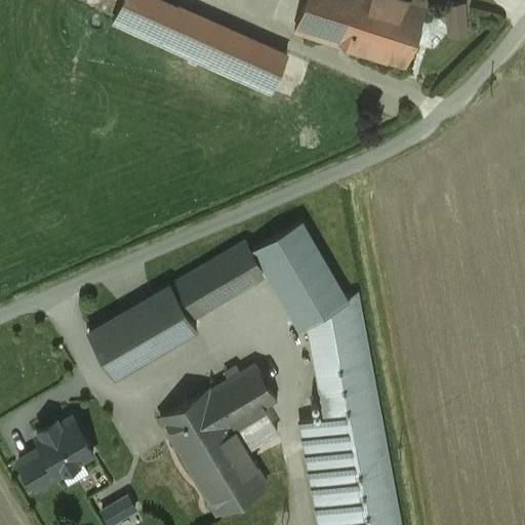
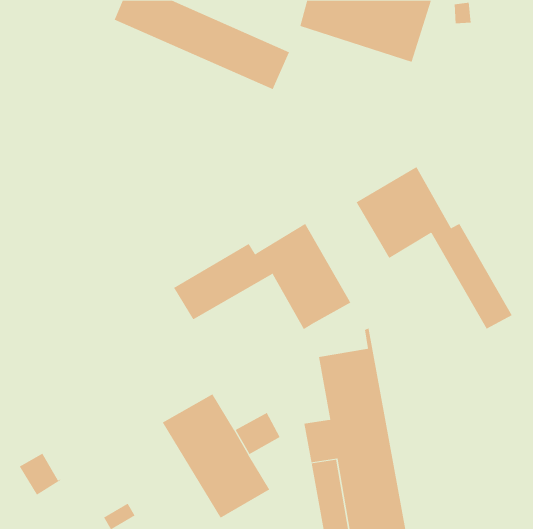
building: none -> [355,166,513,329]
building: [88,287,196,377] -> none
building: [309,297,361,355] -> none
building: [209,364,276,427] -> none
building: [37,419,93,476] -> none

